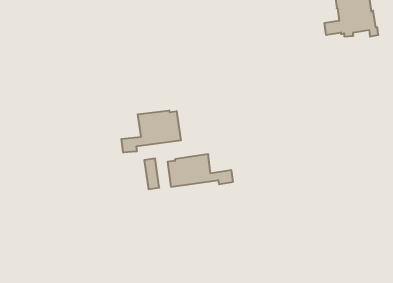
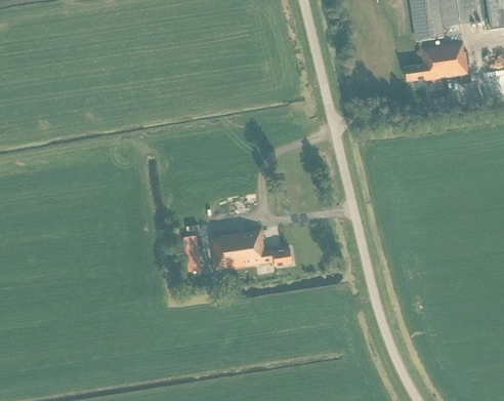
building: [121,110,181,153] -> none

